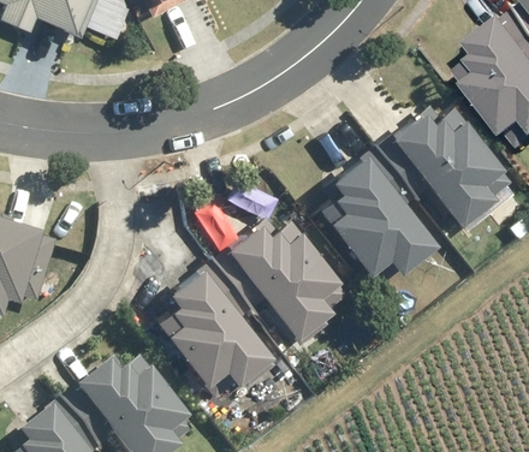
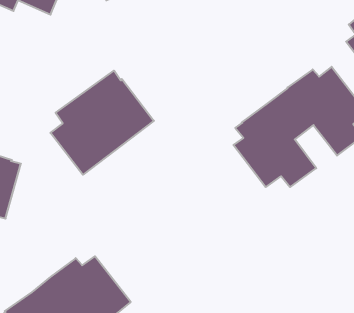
building: none -> [50,71,154,175]
building: [155,213,334,374] -> none

